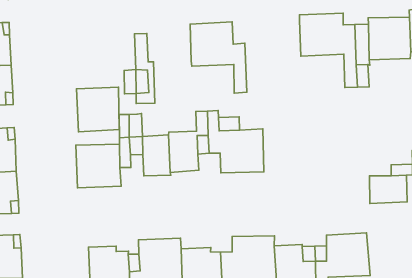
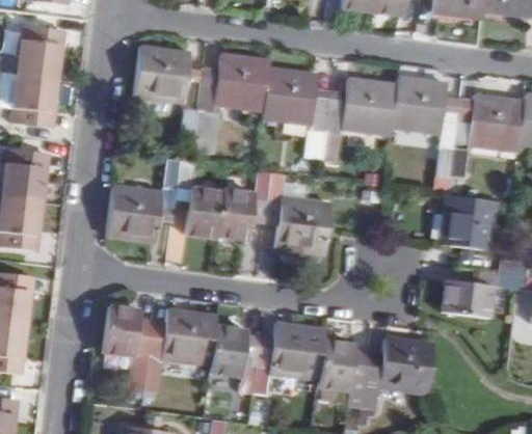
building: none -> [213,55,269,111]
building: none -> [321,78,396,160]
building: [77,87,119,132] -> [136,46,191,101]
building: none -> [438,193,496,251]

